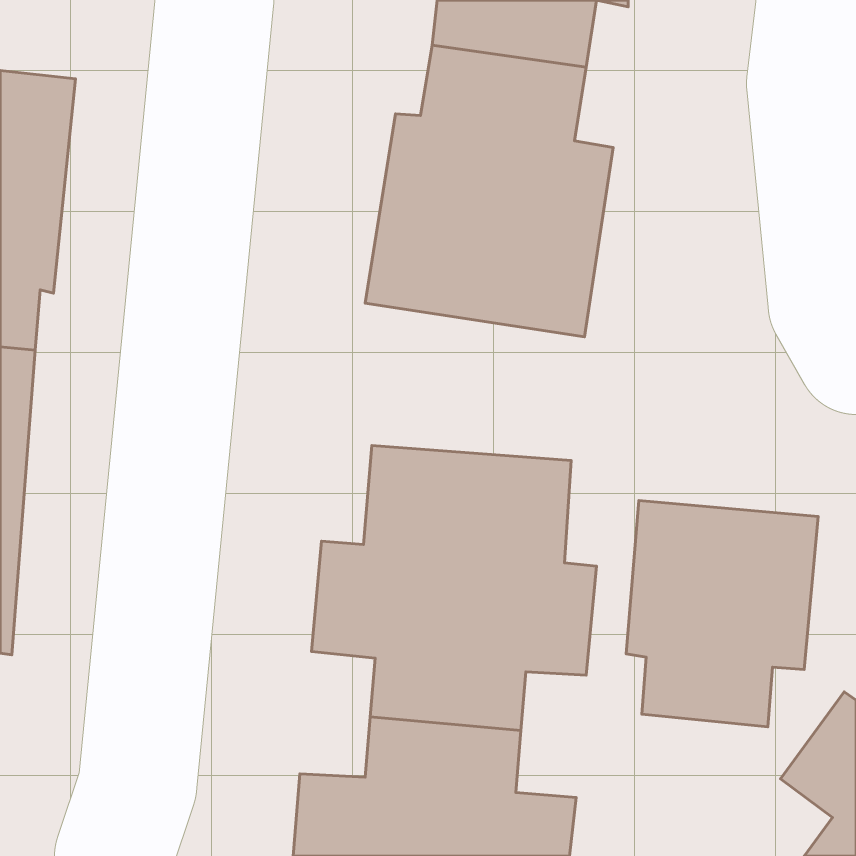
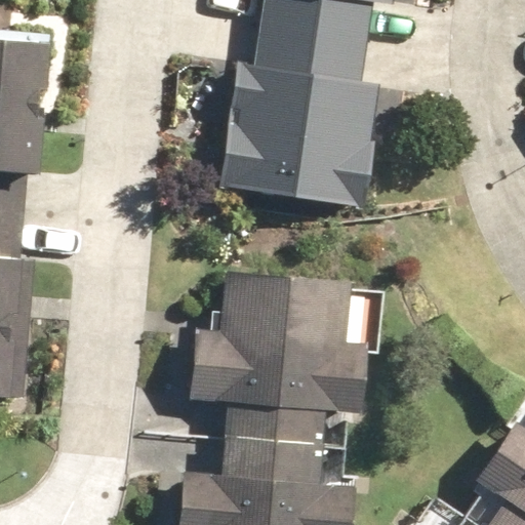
building: [626,500,818,727] -> none

